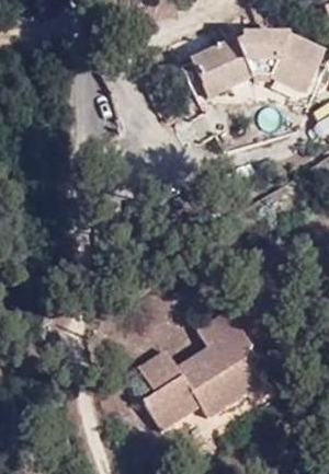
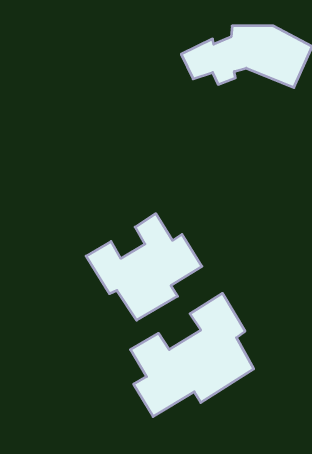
building: none -> [86,214,202,320]

